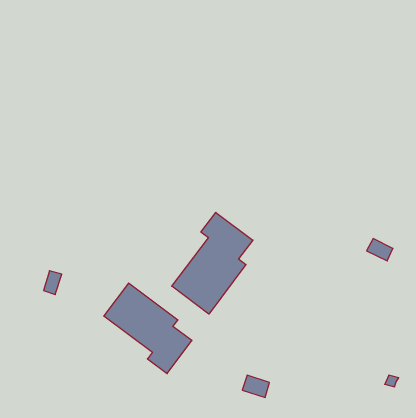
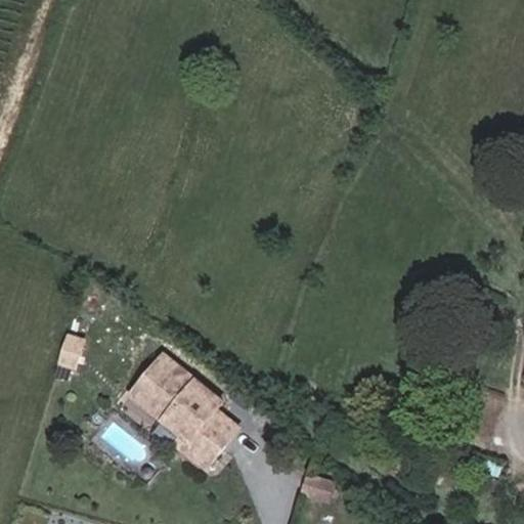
building: [172,212,253,314] -> none

